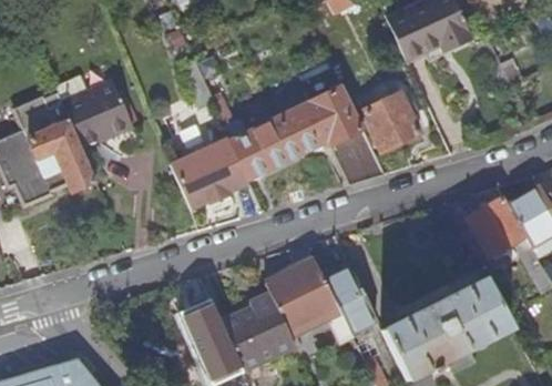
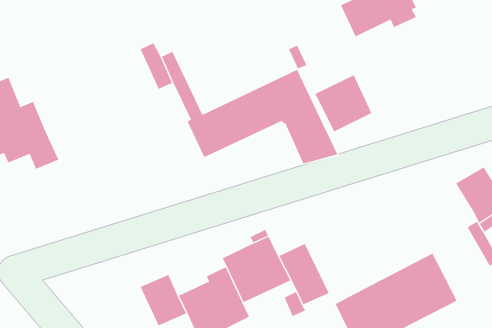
building: [61,81,131,149] -> none
building: [170,138,248,209] -> none
building: [467,196,527,257] -> none

